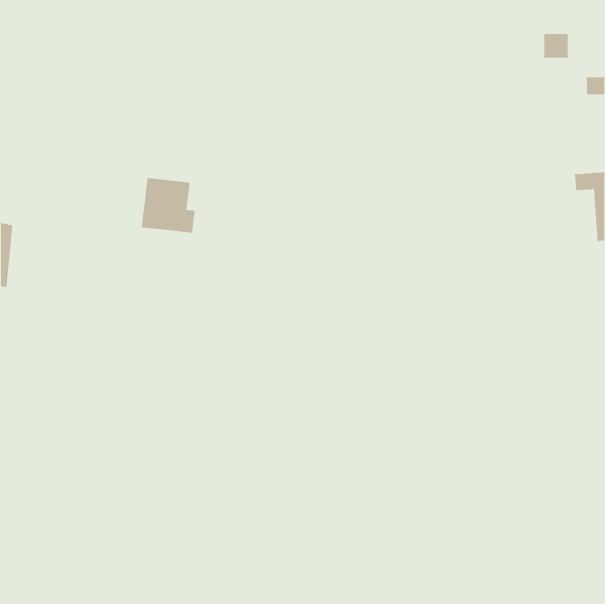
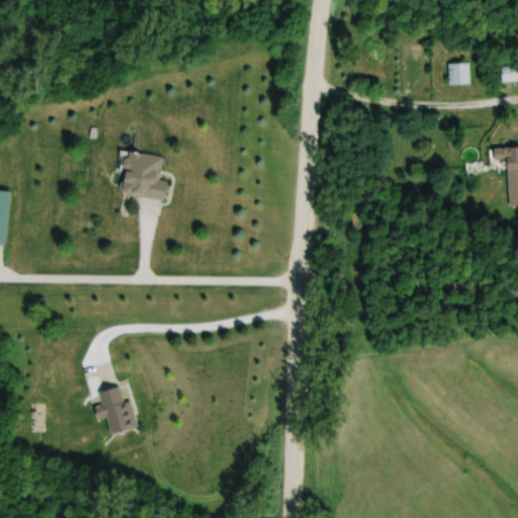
building: [544,33,568,58] -> [449,63,470,84]
building: none -> [93,385,138,433]

